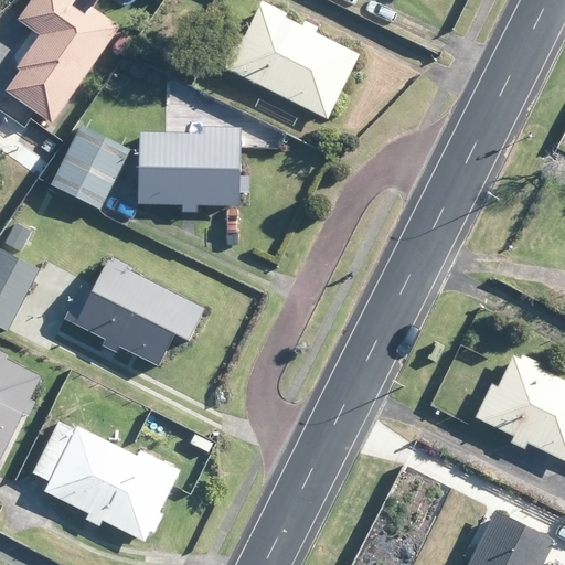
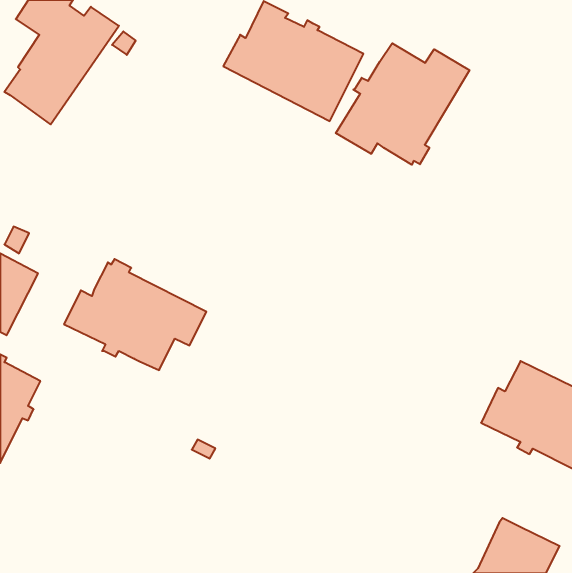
building: none -> [336,43,469,165]
building: [51,125,129,209] -> none
building: [137,126,248,211] -> none
building: [32,420,179,541] -> none

